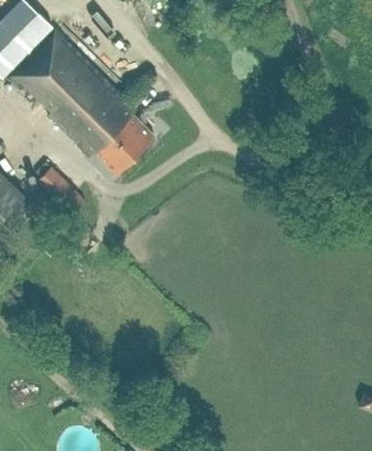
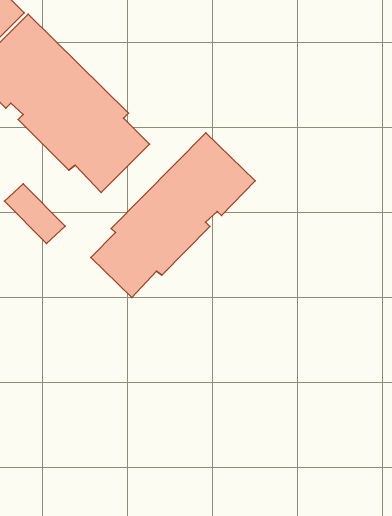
building: none -> [91,133,255,298]

